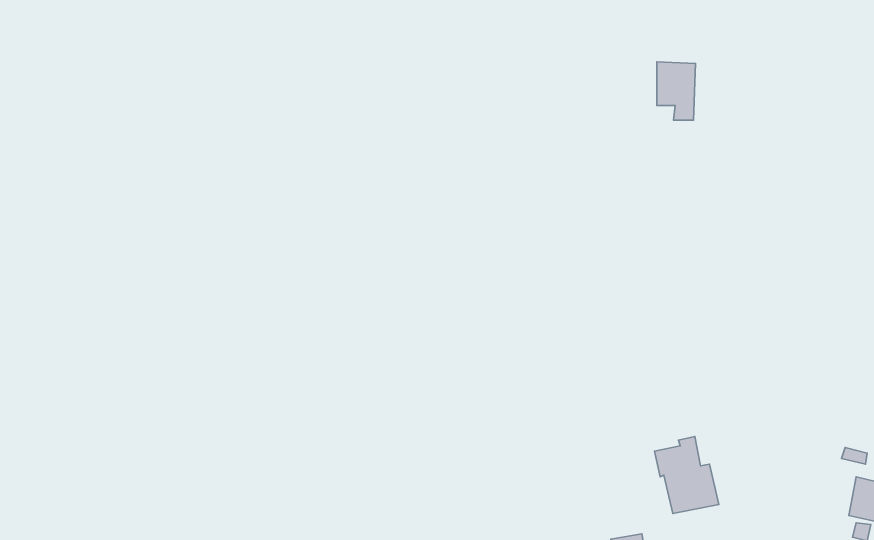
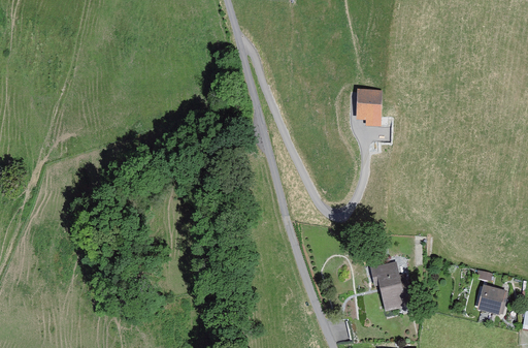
building: [657,62,695,120] -> [359,91,381,124]

